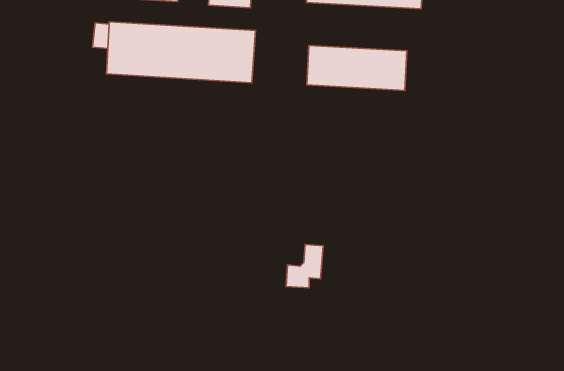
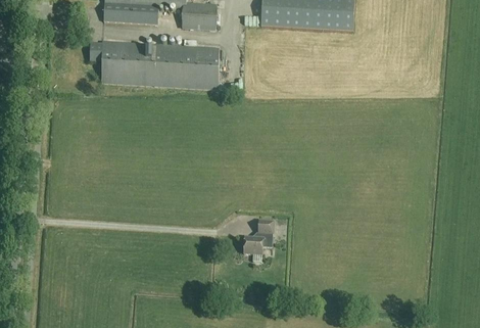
building: [307,45,407,90] -> none

